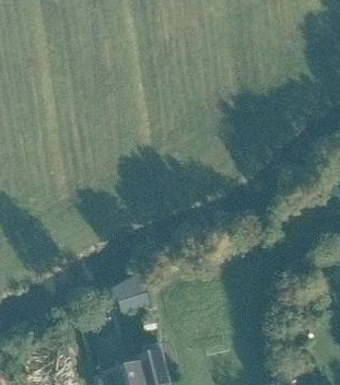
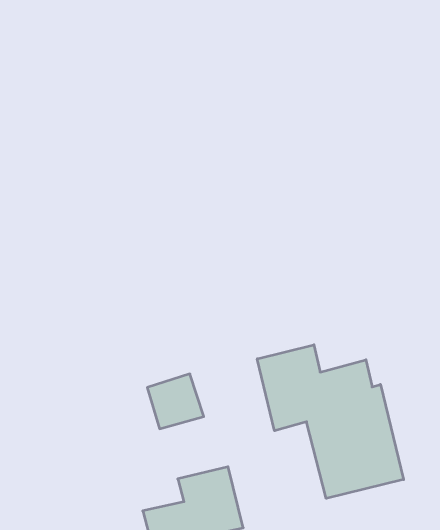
building: none -> [257,345,404,498]

